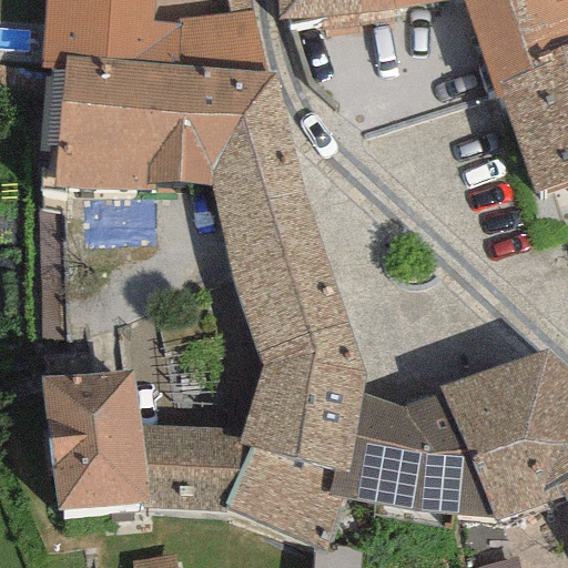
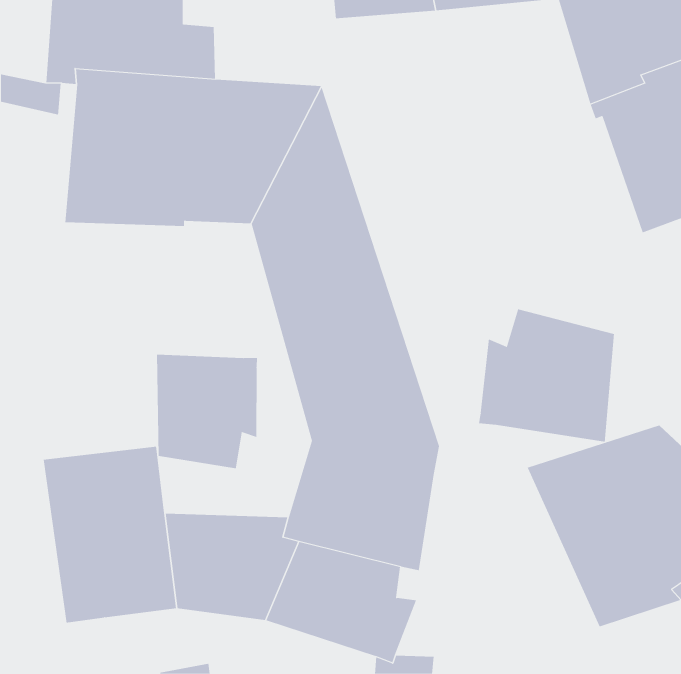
building: [181,8,270,71] -> none
building: none -> [479,309,615,442]
building: none -> [157,354,257,469]
building: [332,387,499,519] -> none

